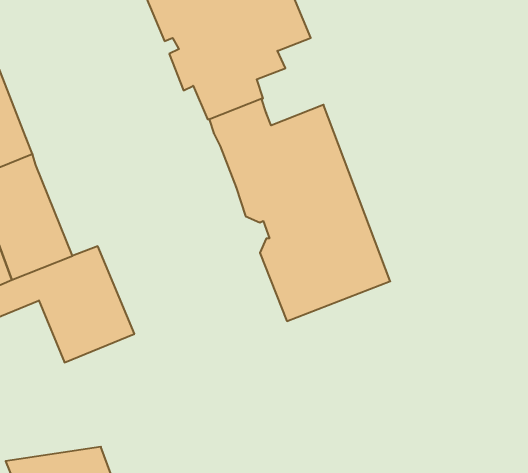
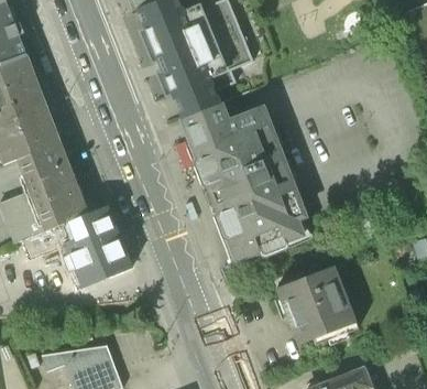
building: none -> [276,266,359,345]

